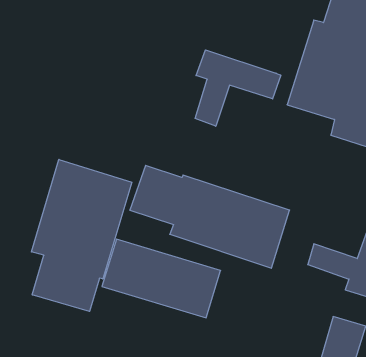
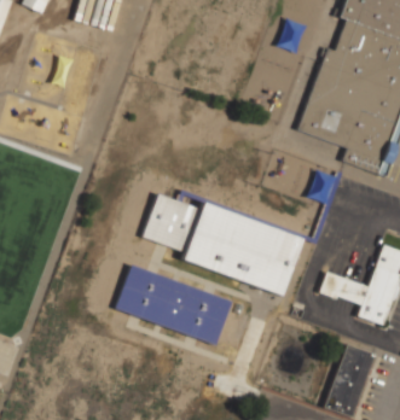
building: [195,50,281,126] -> none
building: [31,159,132,311] -> none

